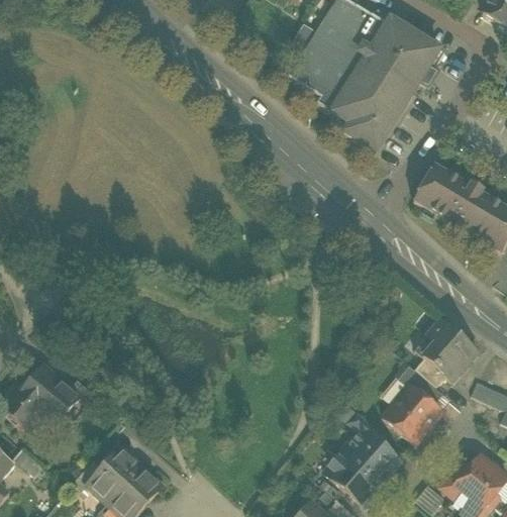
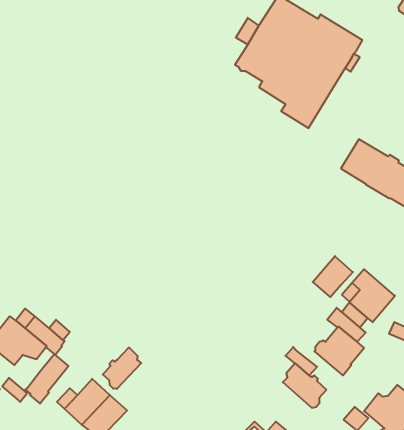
building: none -> [313,256,353,297]
building: none -> [103,348,141,389]
building: none -> [25,354,68,404]
building: [326,451,381,503] -> none

